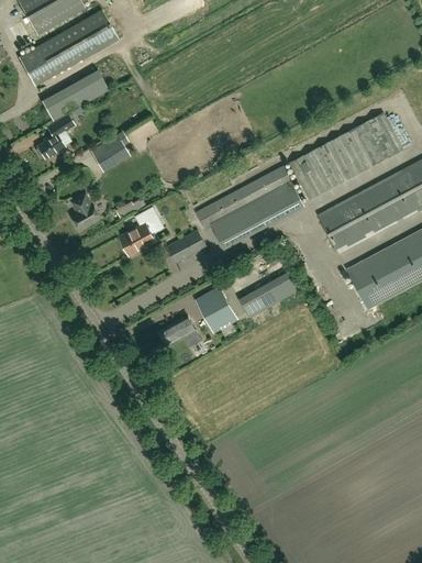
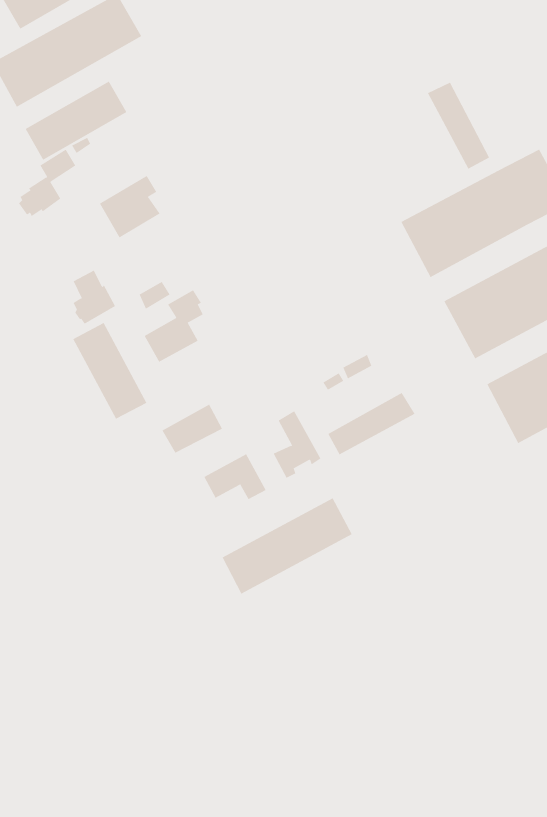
building: none -> [427,82,490,169]
building: [196,166,304,249] -> none
building: none -> [72,322,147,420]
building: [165,230,206,263] -> [161,404,223,454]
building: none -> [222,497,352,594]

